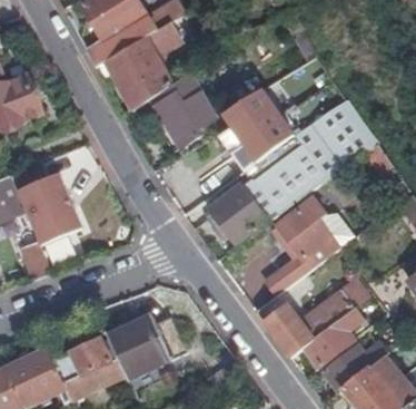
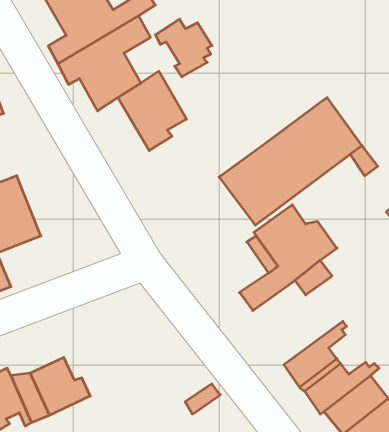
building: [235,96,287,149] -> [155,19,212,77]
building: [207,184,264,241] -> none
building: [261,277,370,356] -> none
building: [106,315,185,379] -> none

